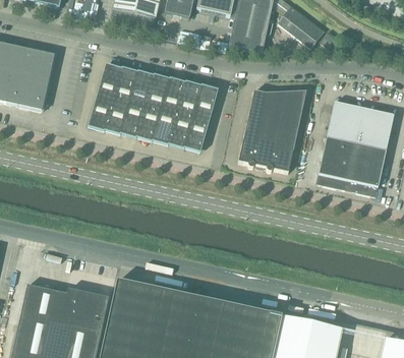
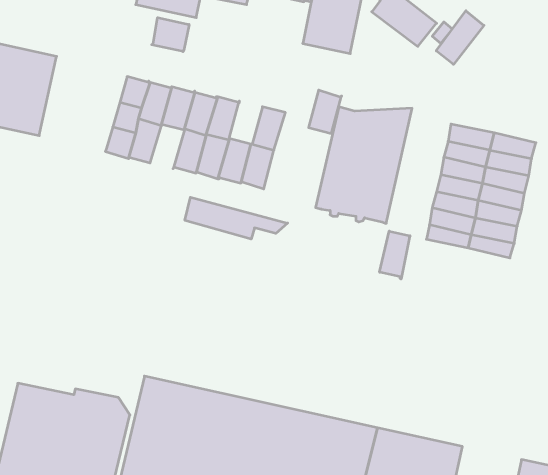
building: none -> [436,11,484,64]
building: none -> [152,18,189,52]
building: [177,85,200,116] -> [309,90,342,133]
building: [121,102,146,133] -> none
building: none -> [185,197,288,239]
building: none -> [380,231,410,279]

